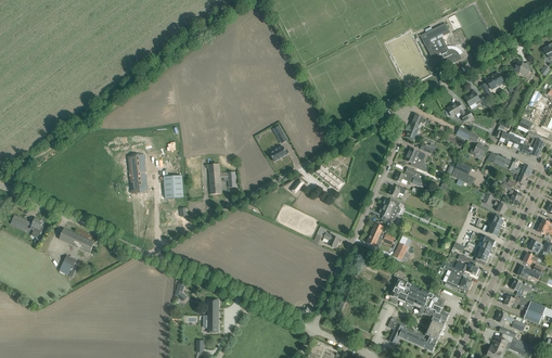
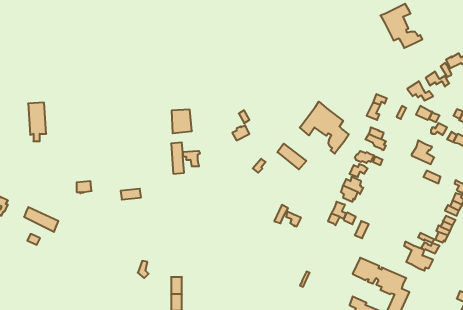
building: none -> [300,102,349,154]
building: [129,154,147,193] -> [28,103,46,141]
building: [164,175,184,199] -> [172,110,192,133]

